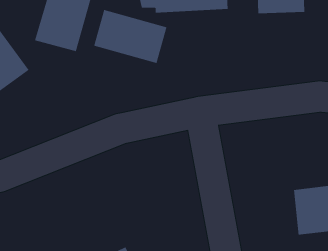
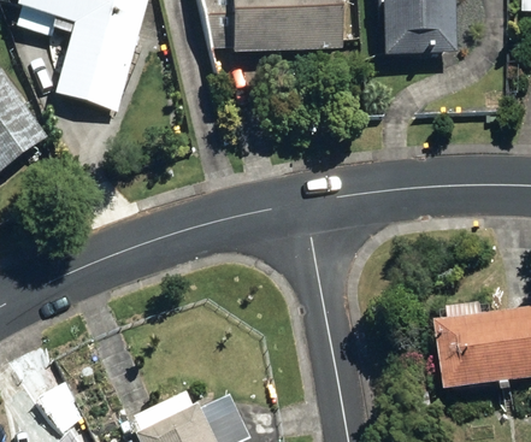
building: [93,9,167,64] -> none

